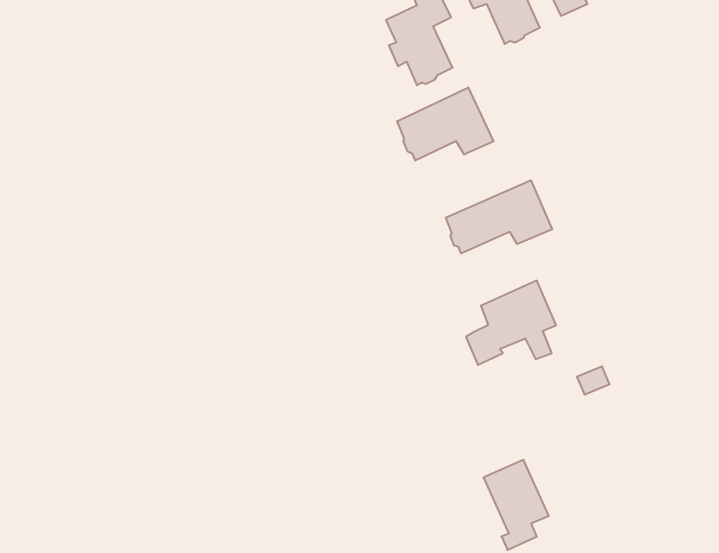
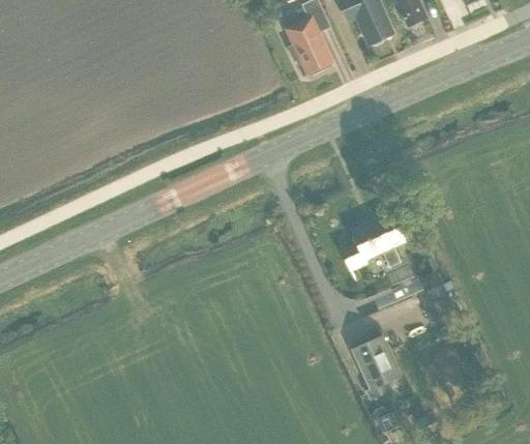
building: [397,87,493,161] -> none
building: [446,180,552,253] -> none

